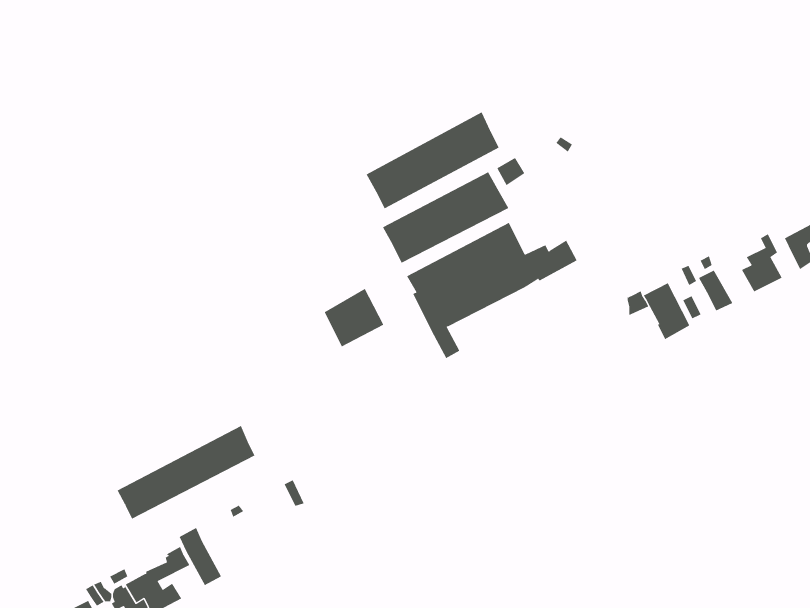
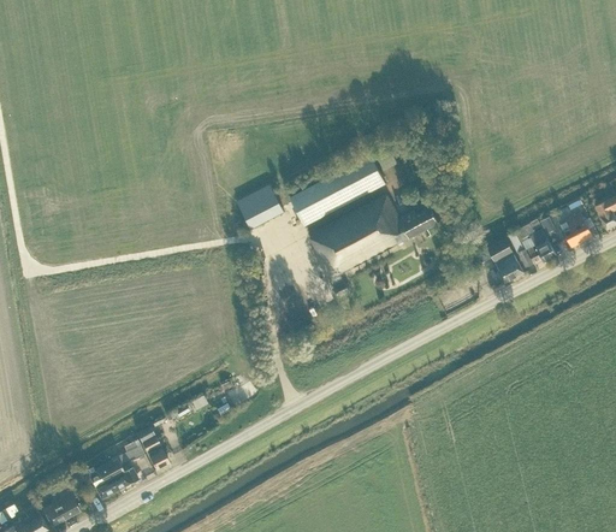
building: [366,111,499,209] -> none
building: [324,288,384,347] -> [238,185,284,230]
building: [117,425,255,519] -> none

